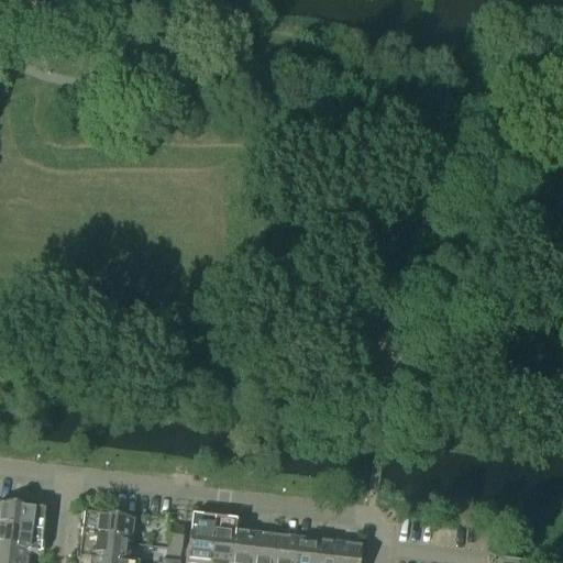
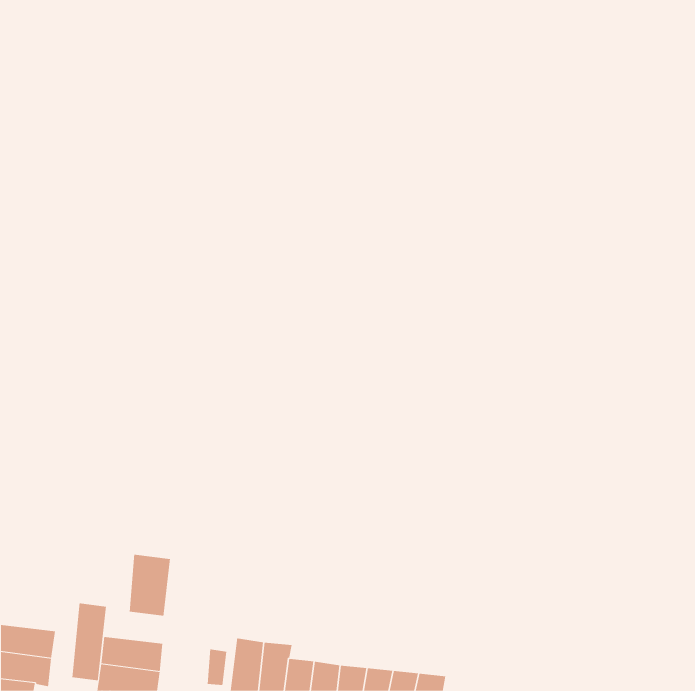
building: none -> [129,554,170,617]
building: none -> [72,603,107,681]

